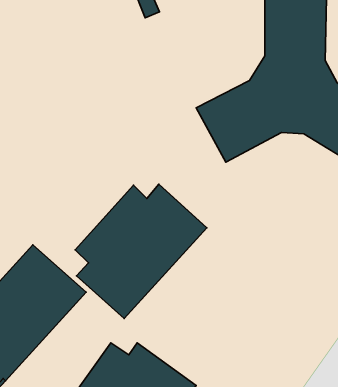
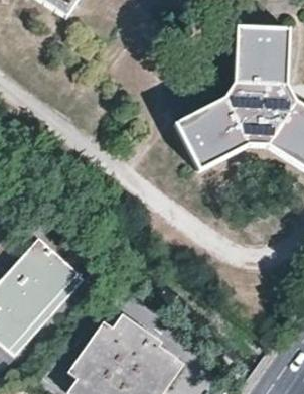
building: [75,184,207,318] -> none

